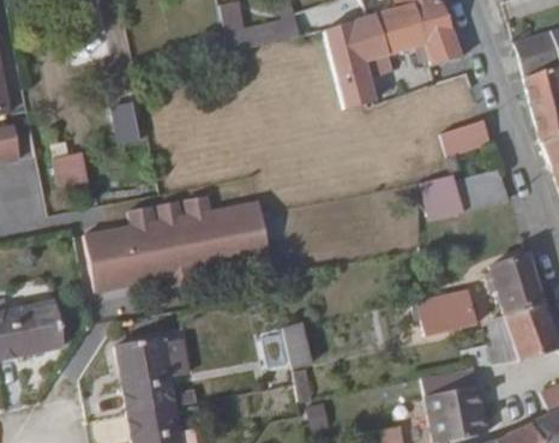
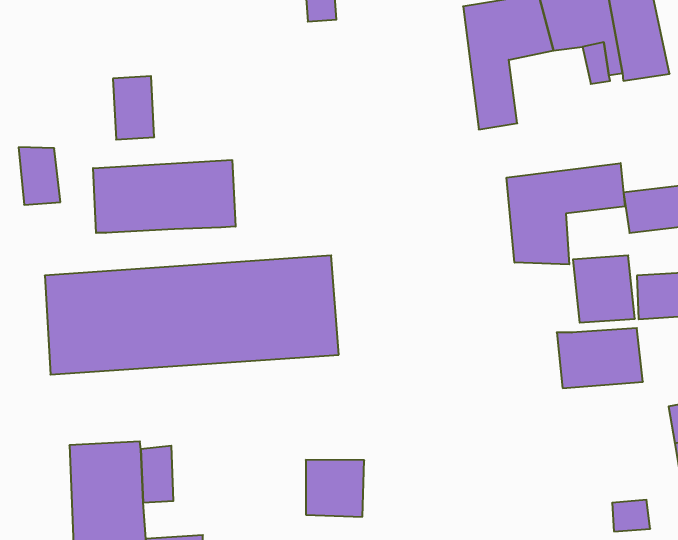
building: none -> [507,163,625,264]
building: none -> [93,160,236,233]
building: [417,289,476,334] -> [557,328,643,388]

